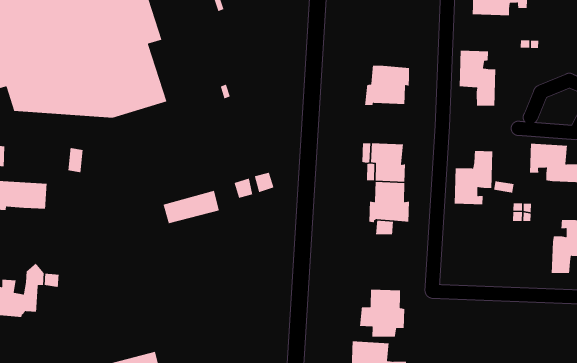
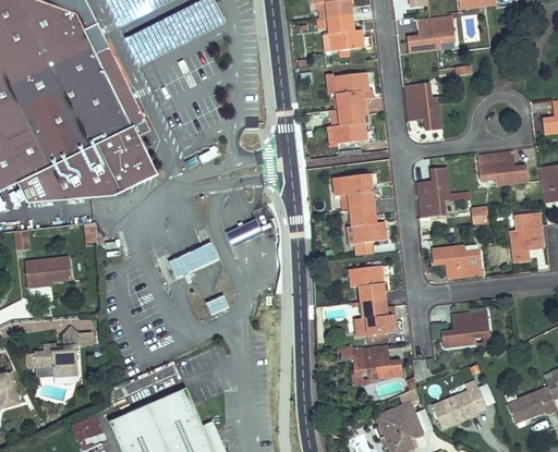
building: none -> [328,73,373,110]
building: none -> [432,245,483,280]
building: none -> [351,266,386,303]
building: none -> [441,310,489,349]

